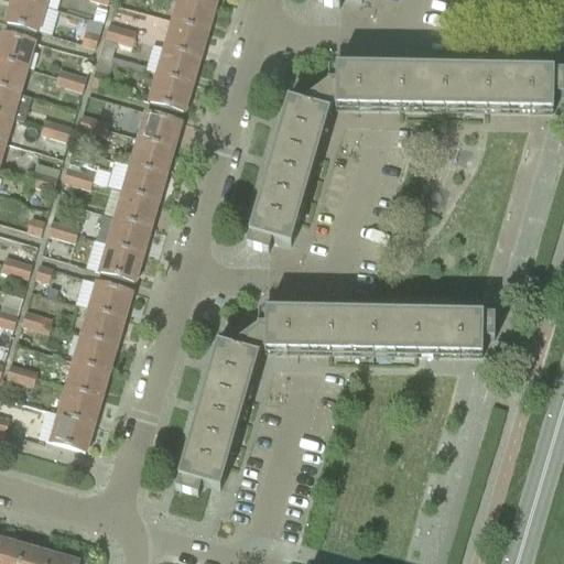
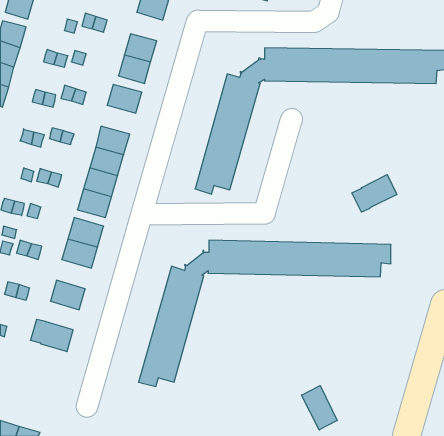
building: [166,15,207,52] -> none
building: [129,133,173,170] -> none
building: none -> [352,175,397,212]
building: [73,328,117,366] -> none
building: [57,381,101,417] -> none
building: none -> [301,386,337,430]

